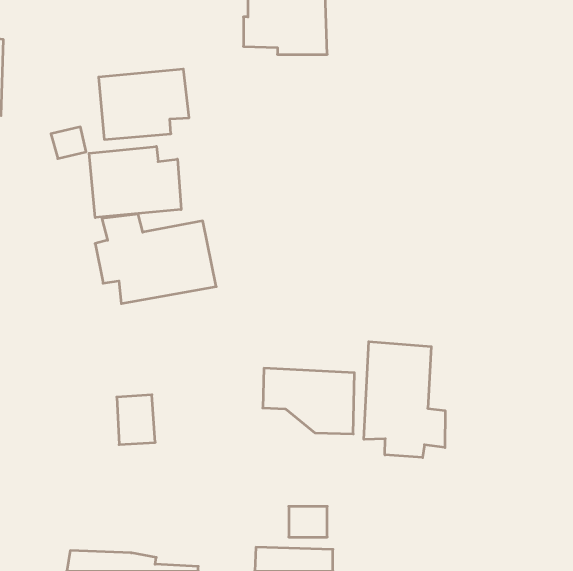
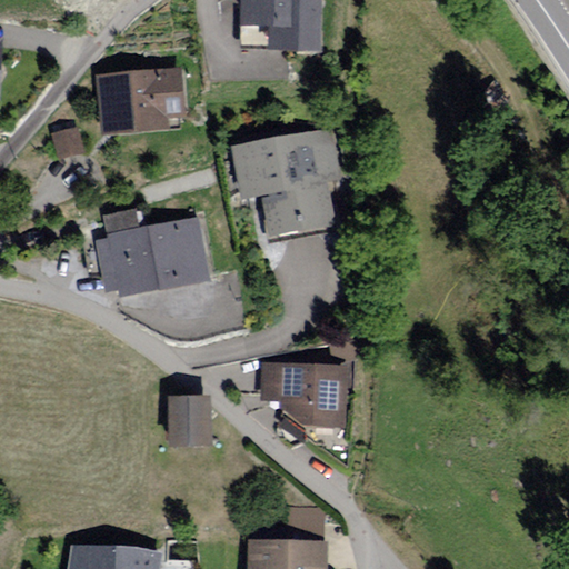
building: none -> [229,126,335,239]
building: [89,146,181,218] -> none
building: [364,342,445,458] -> none
building: [117,395,155,445] -> [171,399,209,448]

